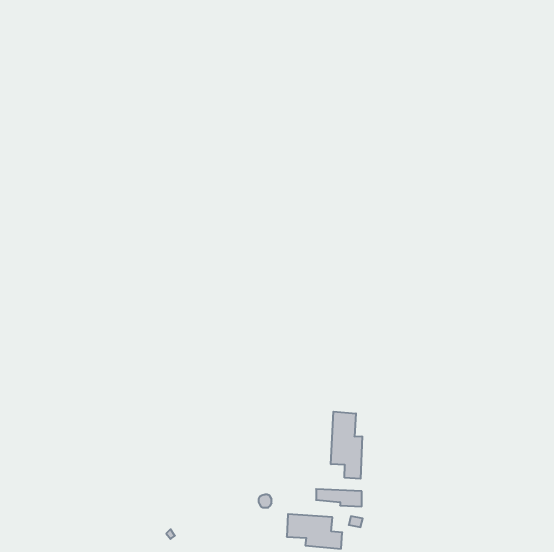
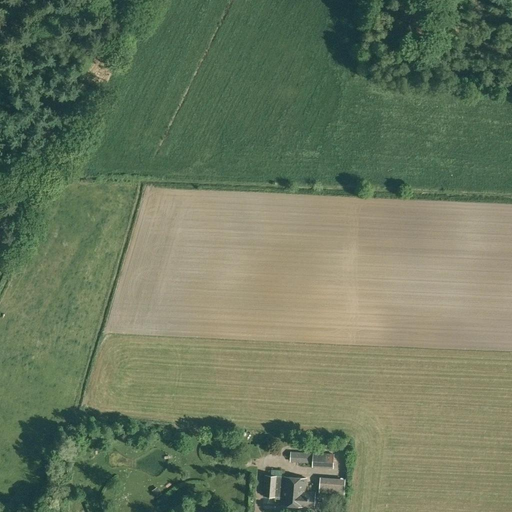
building: [331,412,362,479] -> none

